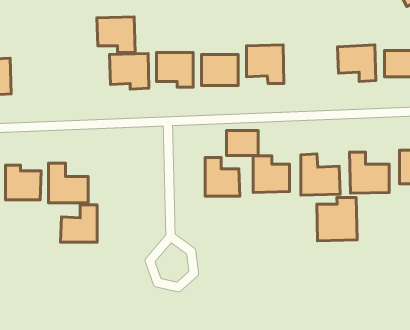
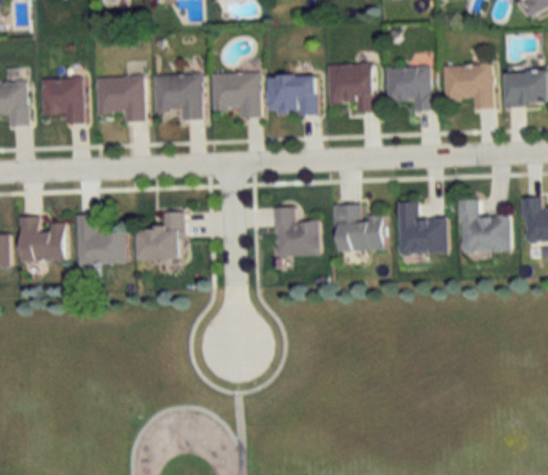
building: [97,17,135,52] -> [96,77,145,122]
building: none -> [385,66,434,111]
building: none -> [39,79,83,123]
building: [226,130,258,155] -> none
building: [317,197,357,241] -> none
building: [61,205,97,242] -> [138,212,184,260]

